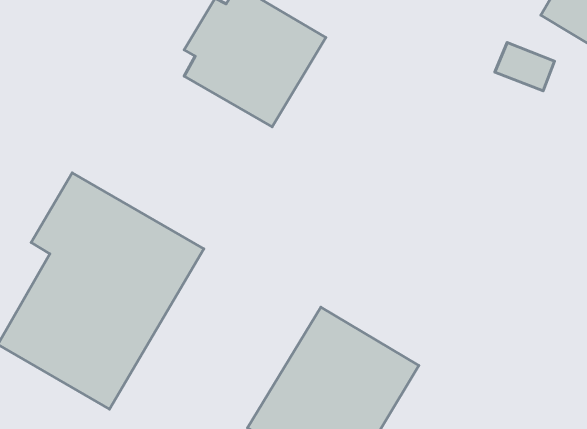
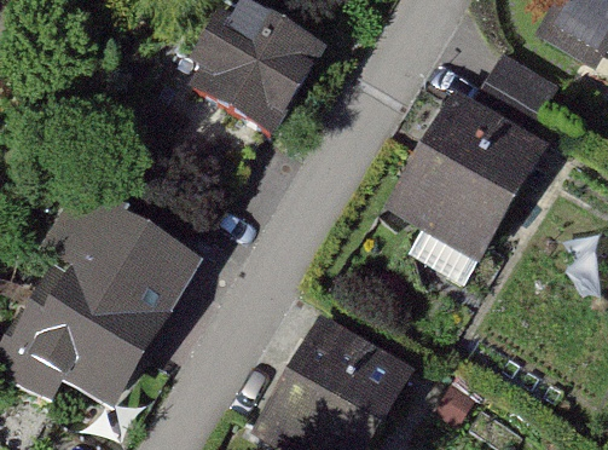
building: none -> [382,85,549,260]

